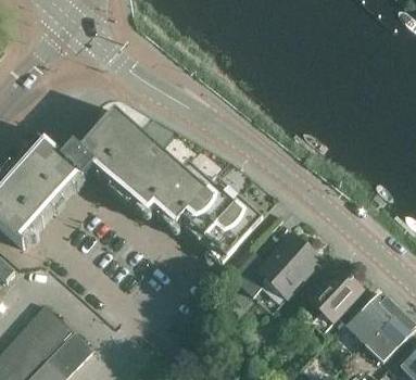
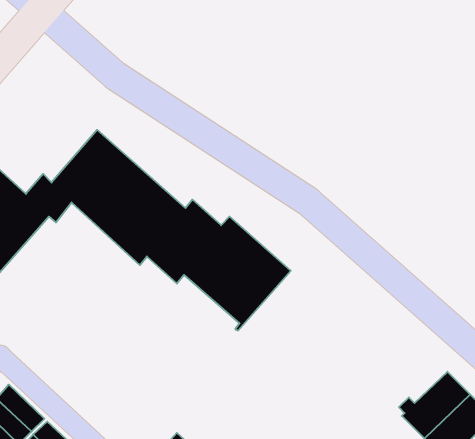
building: [230,232,322,300] -> none
building: [300,274,363,333] -> none

